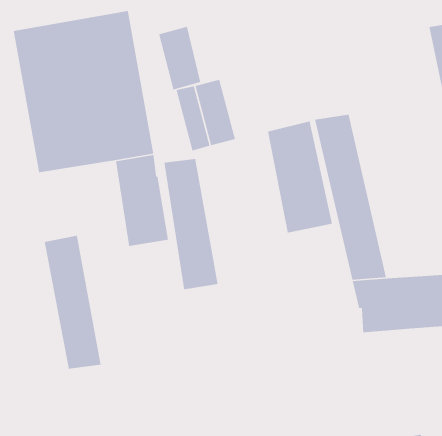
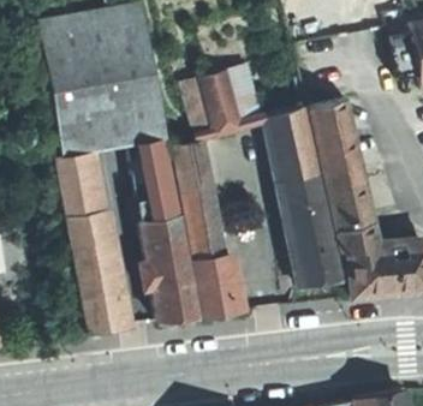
building: [158,26,201,90] -> [224,65,262,123]
building: none -> [56,153,96,217]
building: none -> [284,202,340,287]
building: none -> [142,216,196,323]
building: none -> [191,256,232,318]

